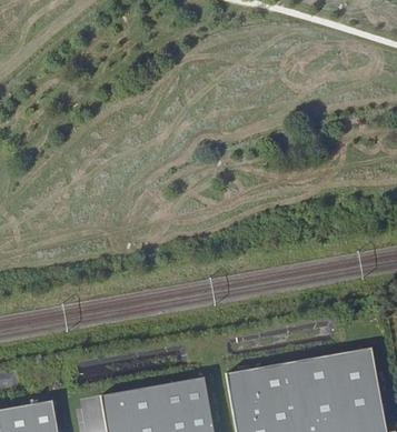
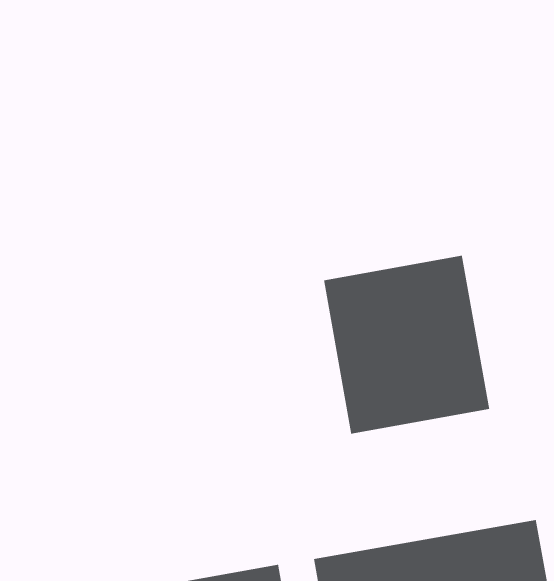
building: none -> [323,255,490,435]

